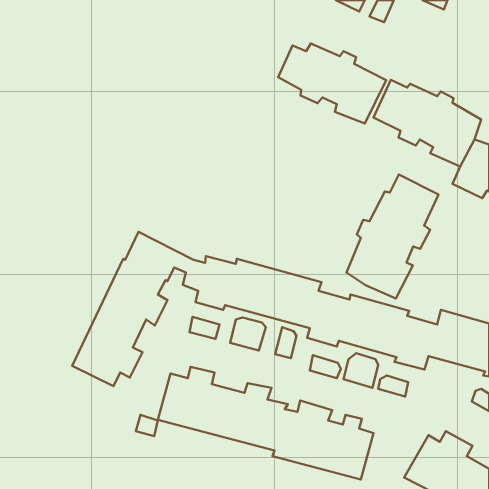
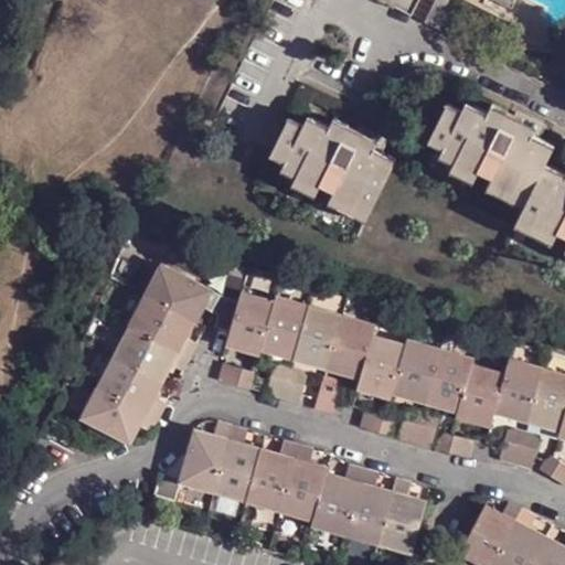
building: [278,44,386,124] -> [264,116,387,207]
building: [347,174,439,298] -> none
building: none -> [498,427,536,465]

